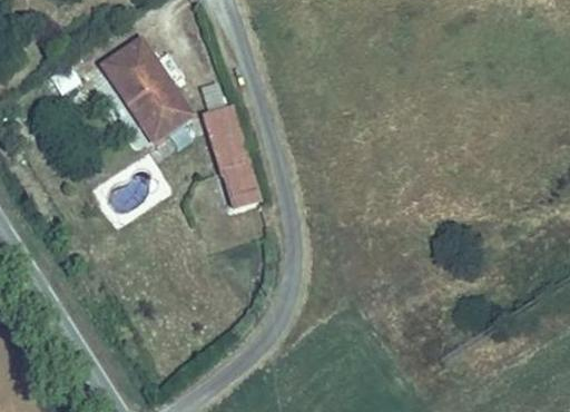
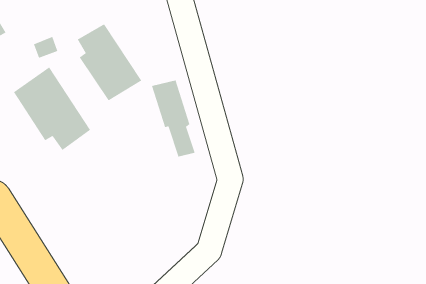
building: none -> [13,66,91,151]

